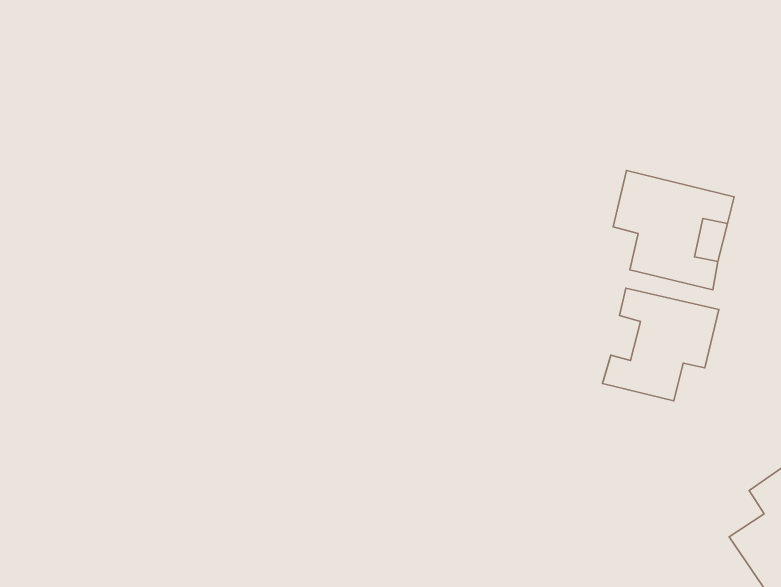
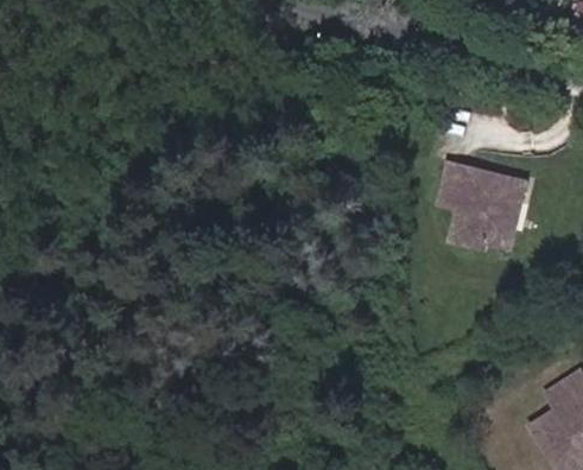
building: [602,288,719,401] -> none

